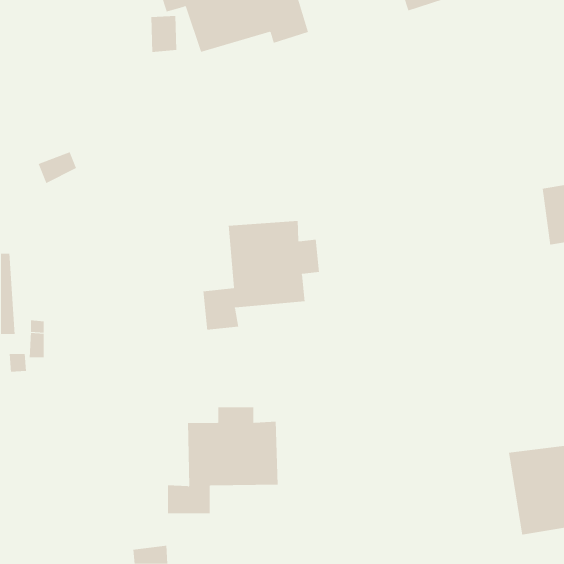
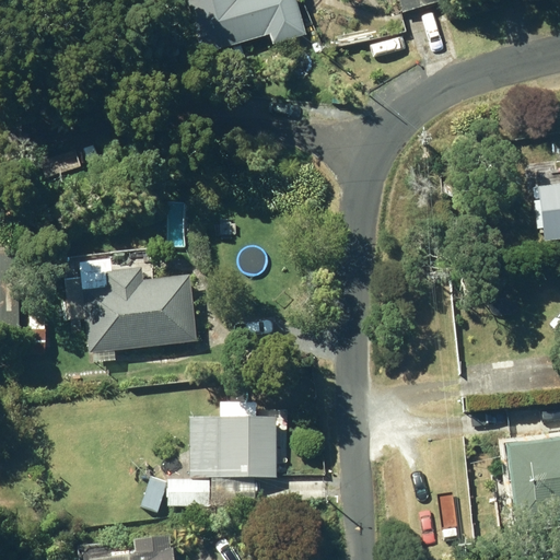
building: [203,220,319,331] -> none
building: none -> [81,266,197,350]

